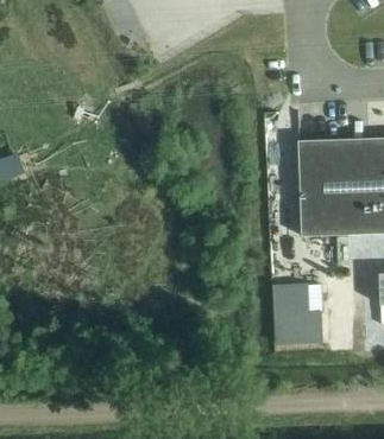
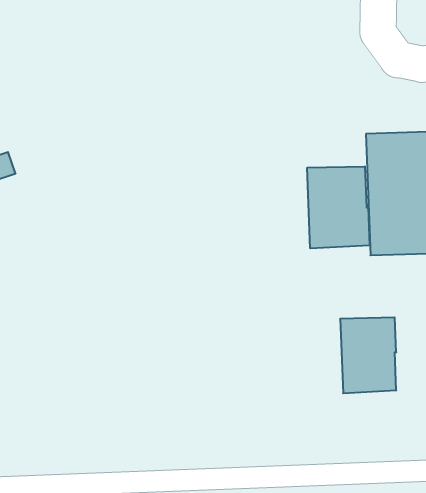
building: none -> [307,166,370,248]

